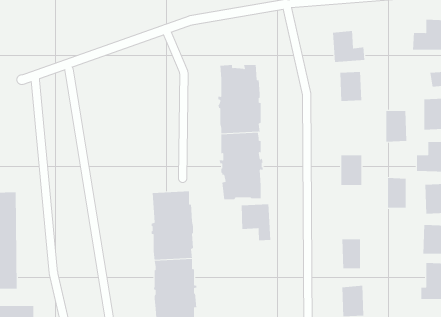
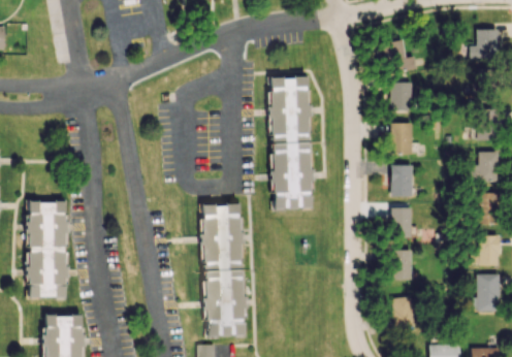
building: [386,110,407,142] -> [391,123,413,155]
building: [387,177,407,208] -> [391,207,411,238]
building: [241,203,271,241] -> none

